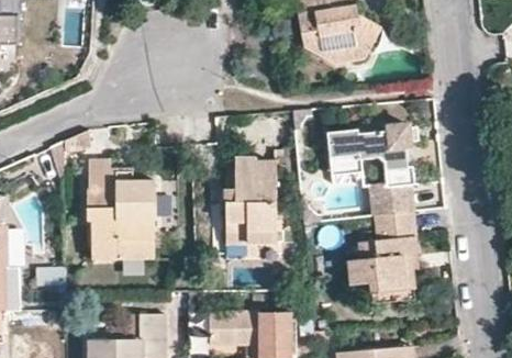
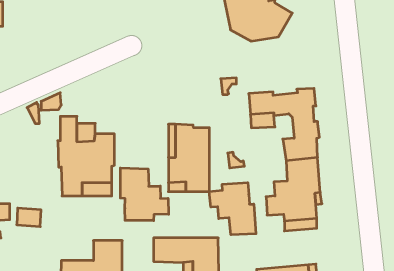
building: none -> [120,168,169,221]
building: none -> [209,183,256,235]

